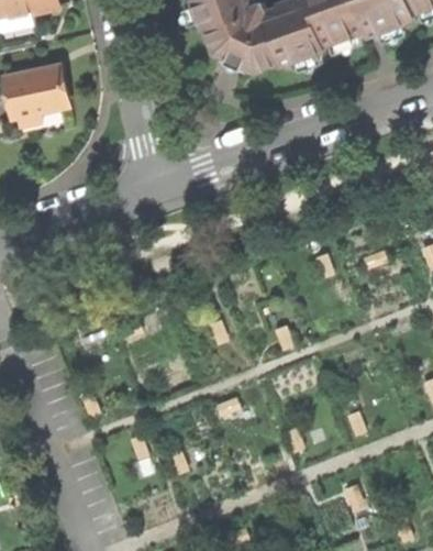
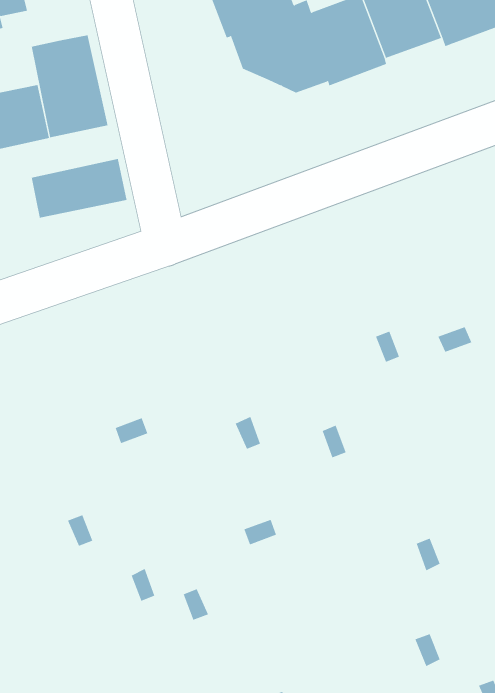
building: none -> [31,34,108,138]
building: none -> [31,158,127,218]

